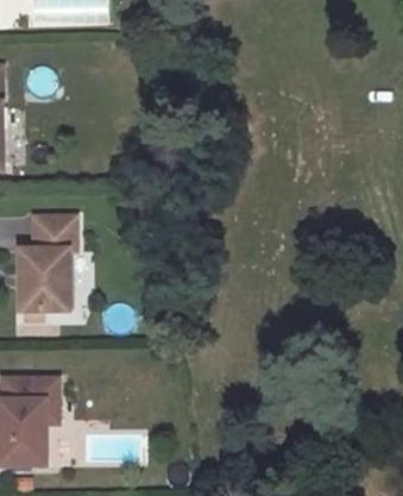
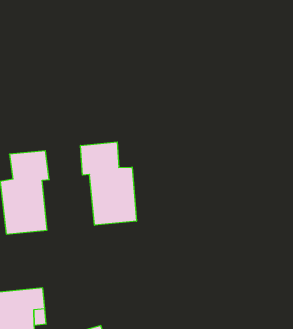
building: none -> [81,142,136,225]

